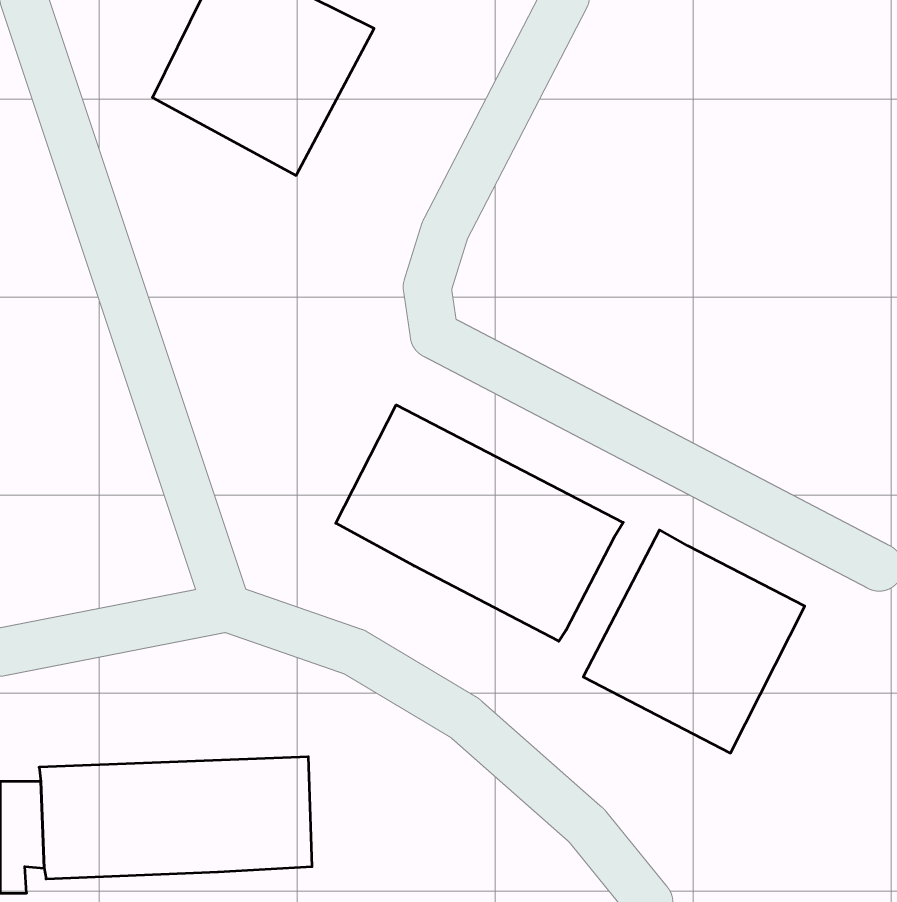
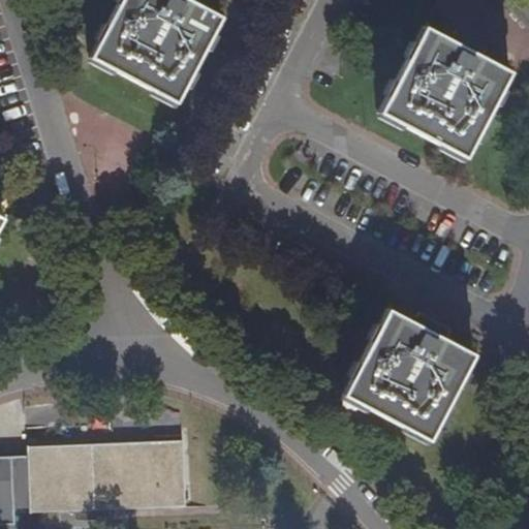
building: none -> [382,28,511,157]
building: [336,405,623,641] -> none

